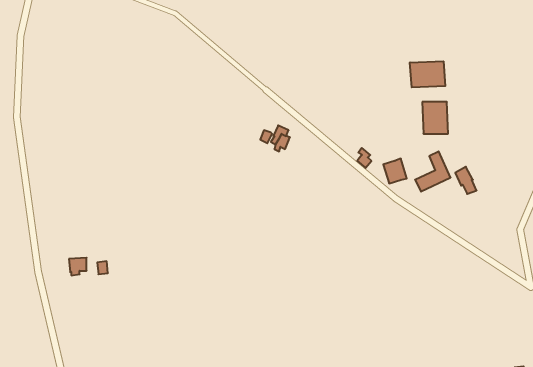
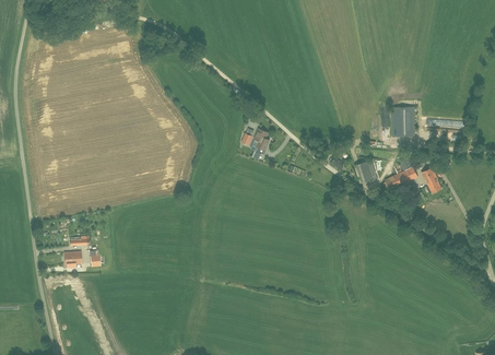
building: [410,61,445,87] -> none

